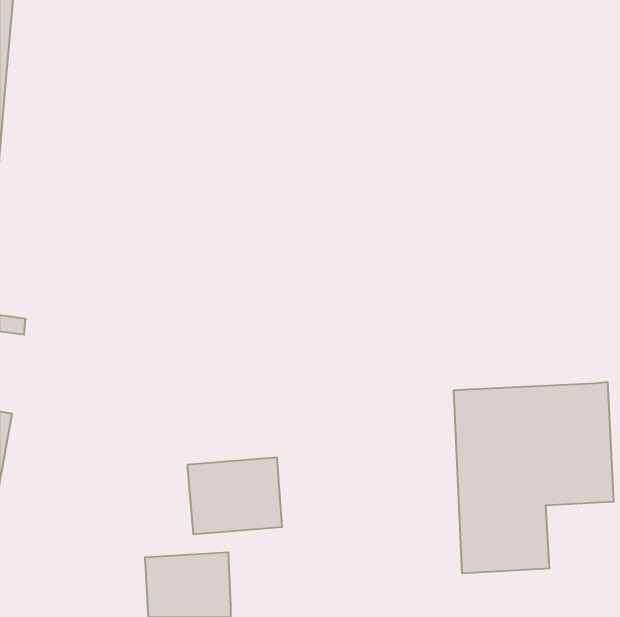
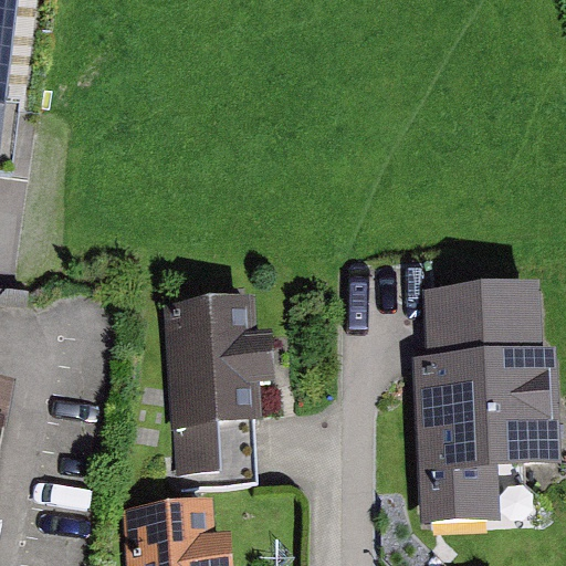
building: none -> [424,281,542,354]
building: none -> [161,296,274,422]

